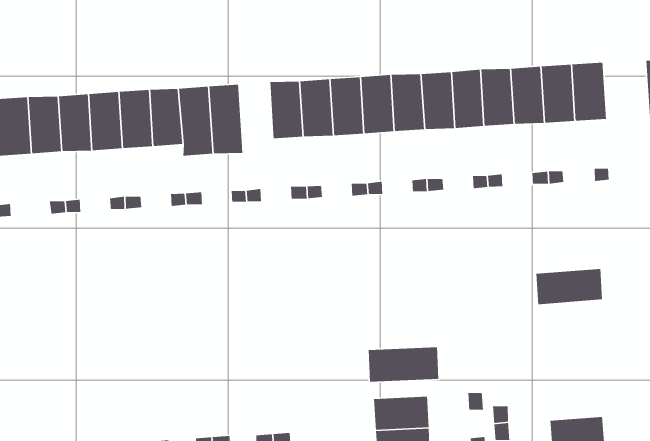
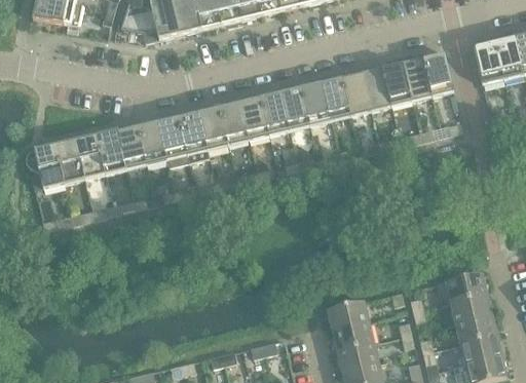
building: none -> [198,104,228,148]
building: [536,268,603,305] -> [438,271,487,304]
building: [368,346,439,383] -> none

